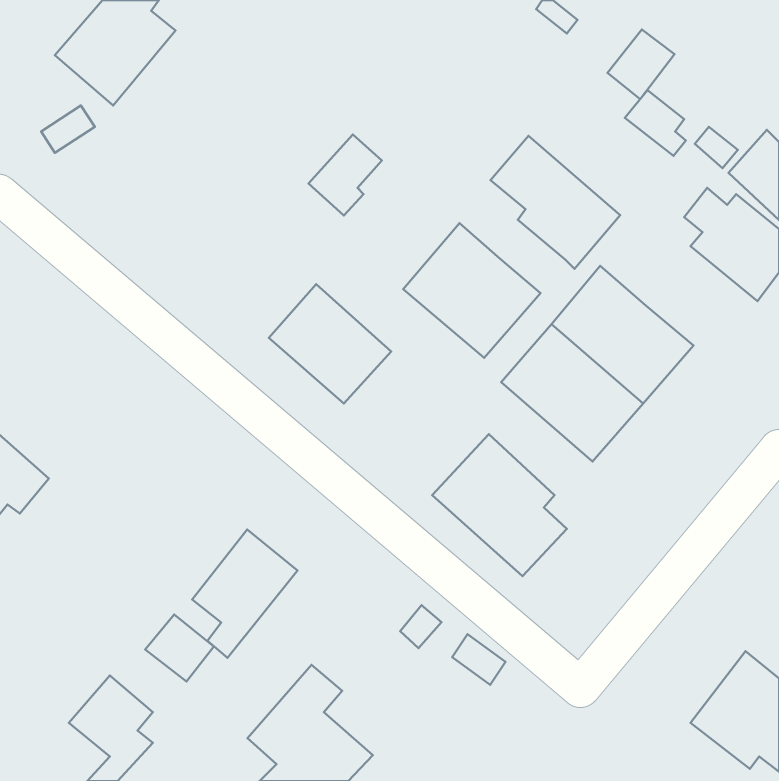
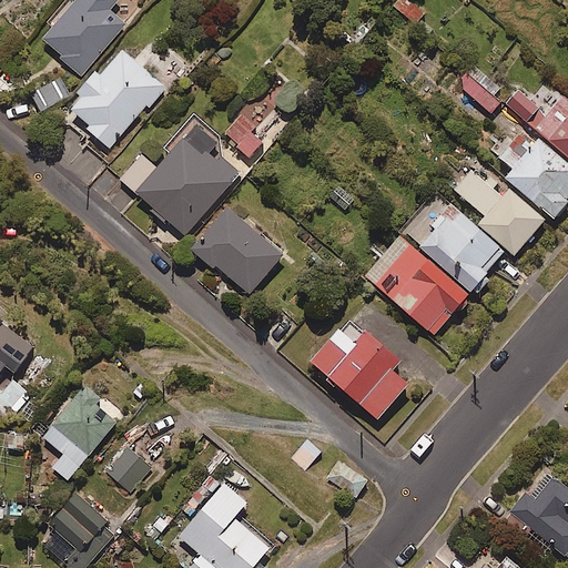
building: [607,30,674,99] -> none
building: none -> [69,49,164,146]
building: [490,136,620,269] -> [449,161,544,257]
building: none -> [121,114,240,236]
building: [403,223,541,358] -> none
building: [192,529,298,658] -> [43,386,120,479]

